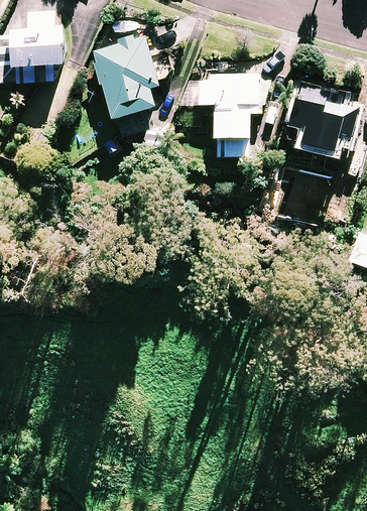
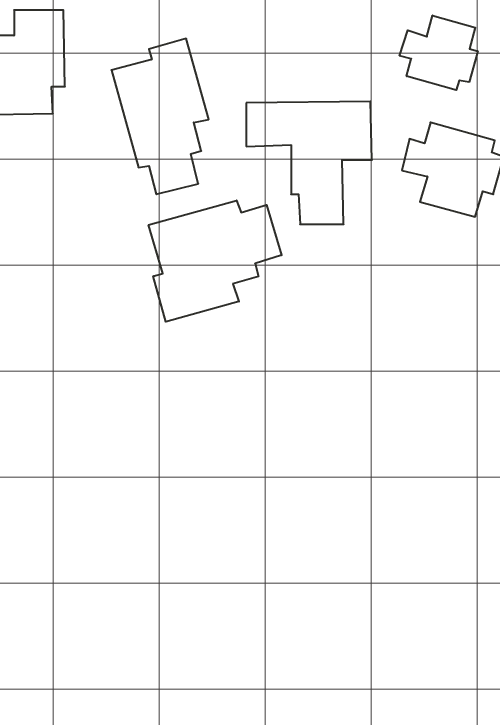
building: none -> [400,15,478,90]
building: none -> [149,200,282,322]

